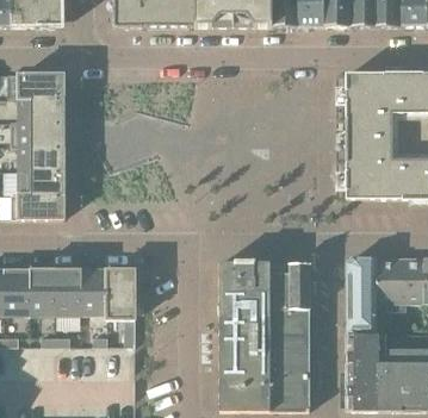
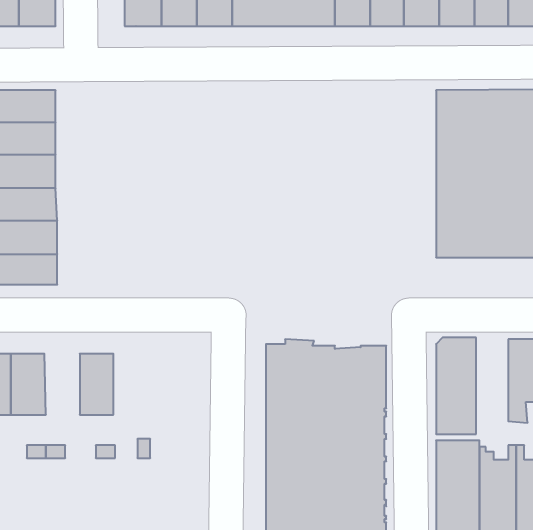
building: [376,257,399,318] -> none
building: [55,268,81,313] -> none
building: [106,268,135,318] -> none

